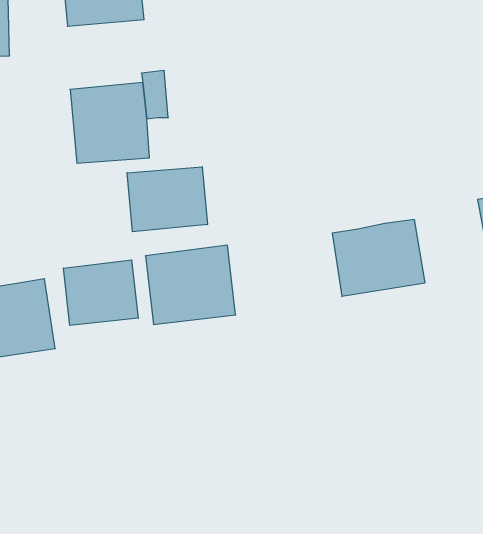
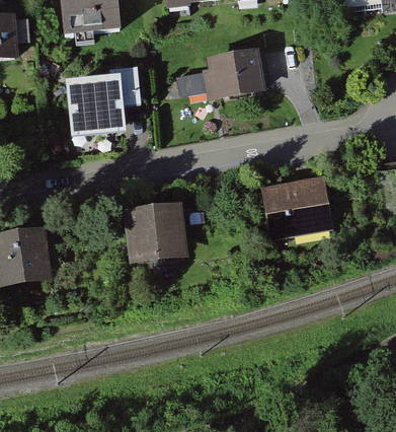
building: none -> [176,50,264,99]
building: [127,167,207,232] -> none
building: [64,260,138,325] -> none

